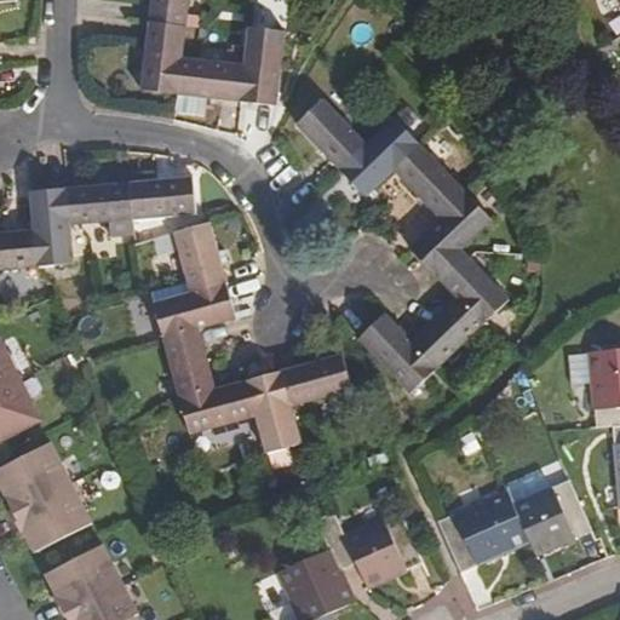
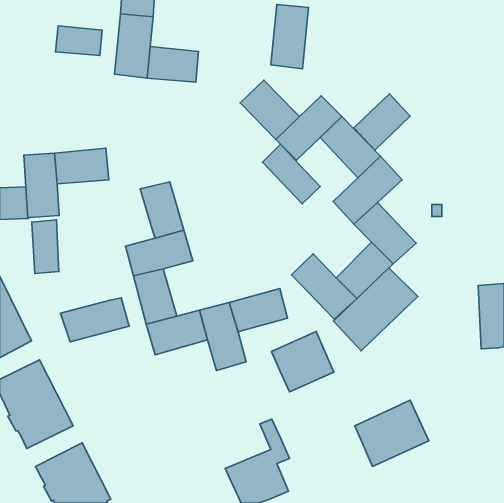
building: [240,27,286,105] -> [271,5,308,69]
building: none -> [56,26,102,55]
building: none -> [354,94,410,150]
building: none -> [262,144,320,204]
building: [130,177,195,220] -> none
building: none -> [32,220,59,273]
building: none -> [333,268,418,351]
building: none -> [61,298,129,342]
building: [509,482,586,558] -> none
building: [344,512,420,586] -> [272,332,334,392]

